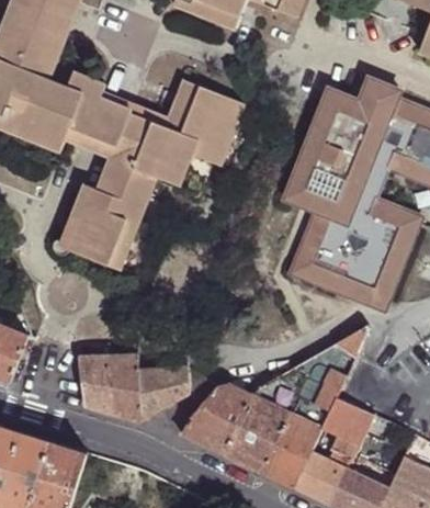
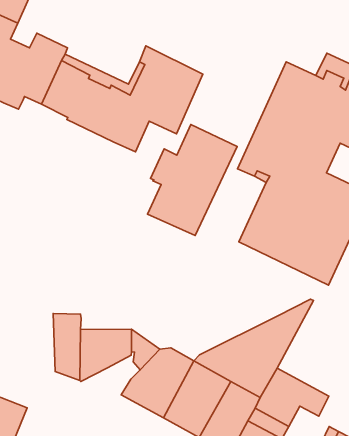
building: [70,159,157,271] -> [147,124,237,236]
building: [78,355,112,414] -> none

